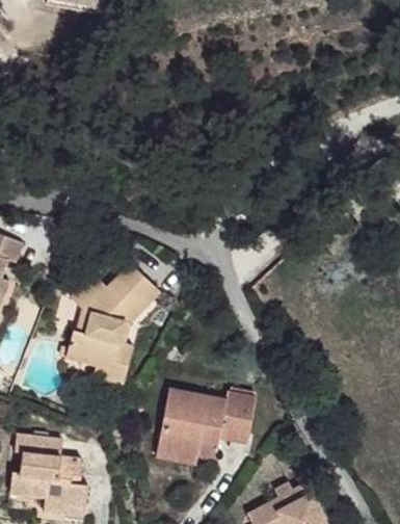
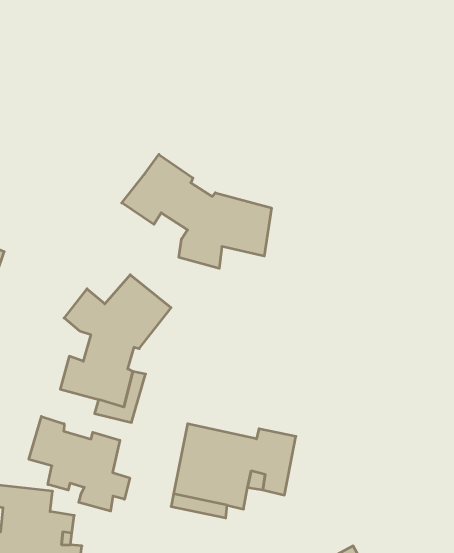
building: none -> [122,154,271,268]
building: none -> [29,416,130,511]

